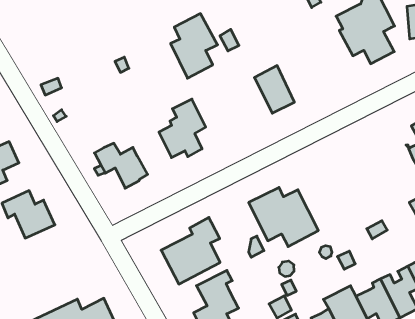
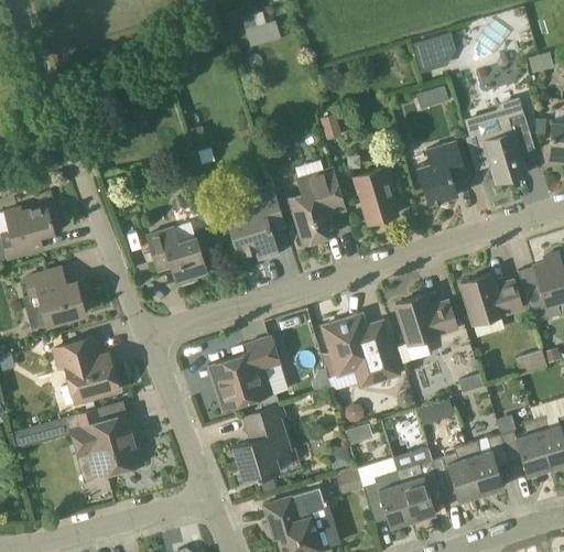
building: [171,14,218,78] -> [290,170,346,245]
building: none -> [419,142,467,205]
building: none -> [462,274,522,323]
building: none -> [395,294,458,362]
building: none -> [53,337,119,403]

